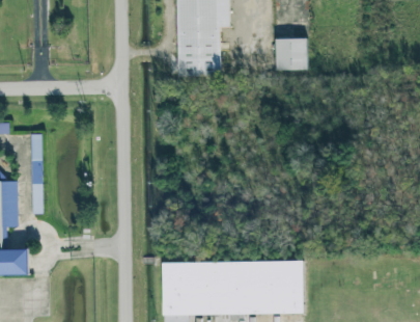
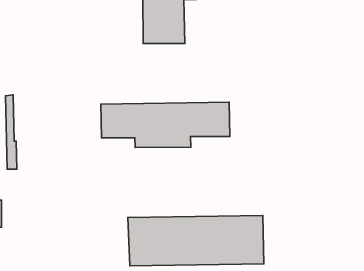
building: [274,35,306,68] -> none
building: none -> [101,102,230,147]

